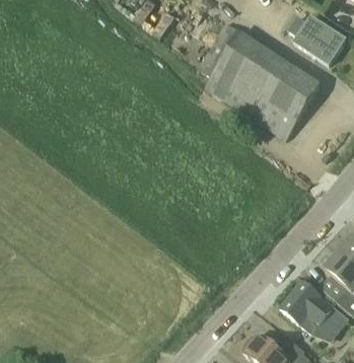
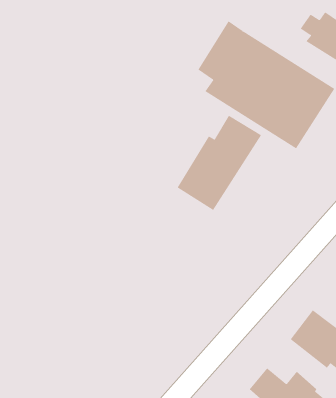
building: none -> [177,115,262,211]

